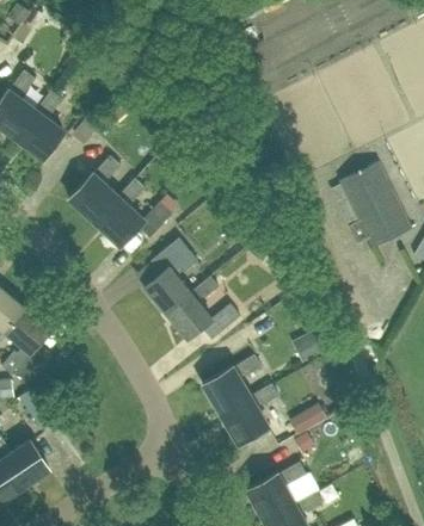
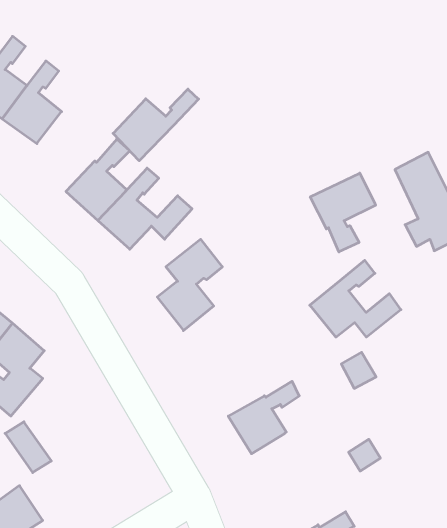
building: none -> [113,89,199,161]
building: none -> [310,173,376,252]
building: [165,276,240,339] -> [310,260,401,337]
building: [221,384,278,444] -> none

